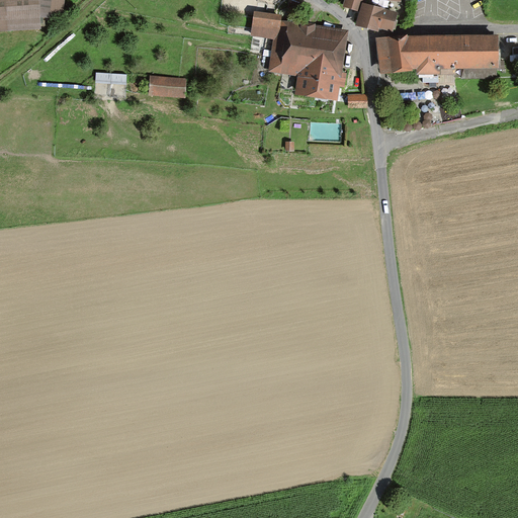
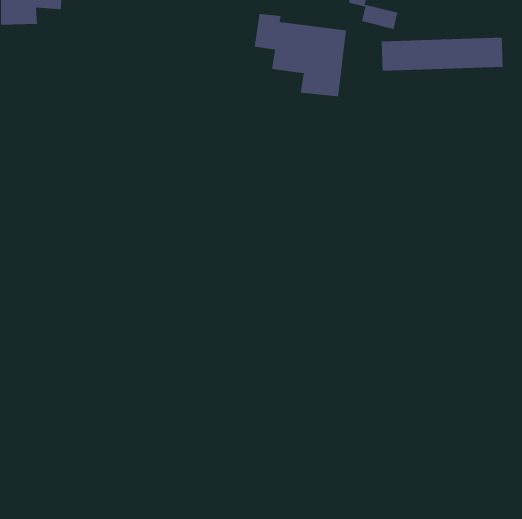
building: [97,72,124,96] -> none
building: [150,75,184,93] -> none

